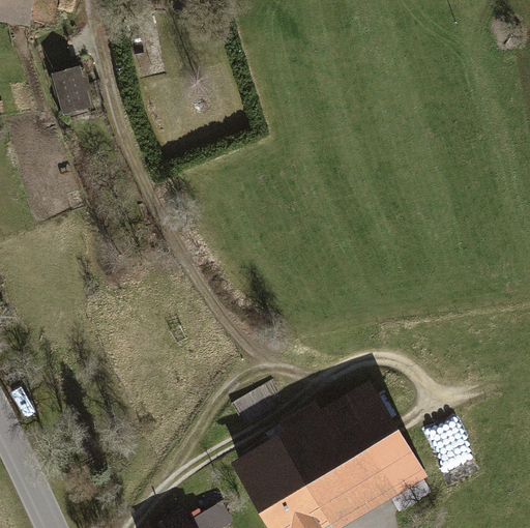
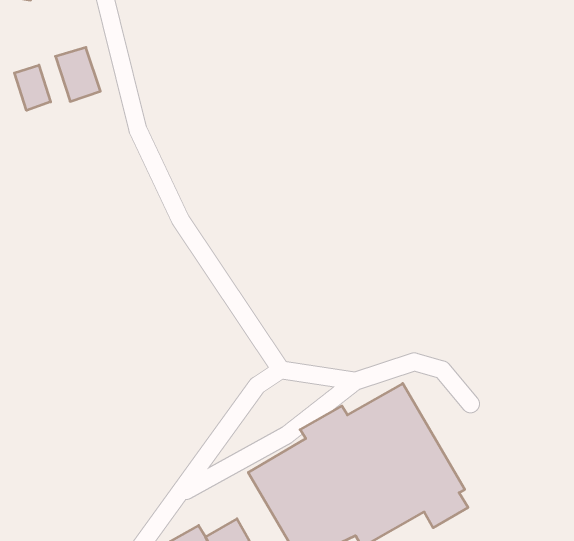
building: none -> [14,65,51,110]

